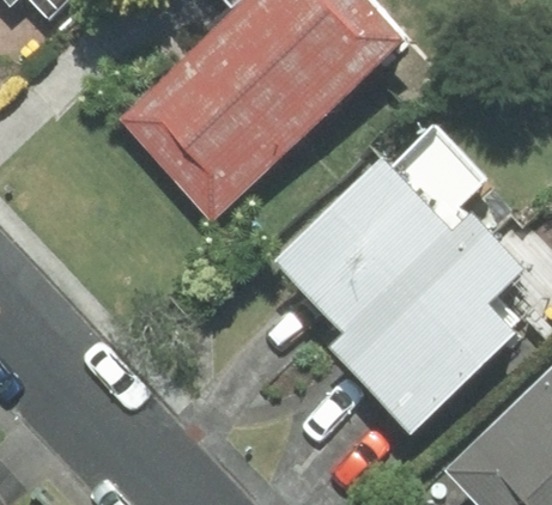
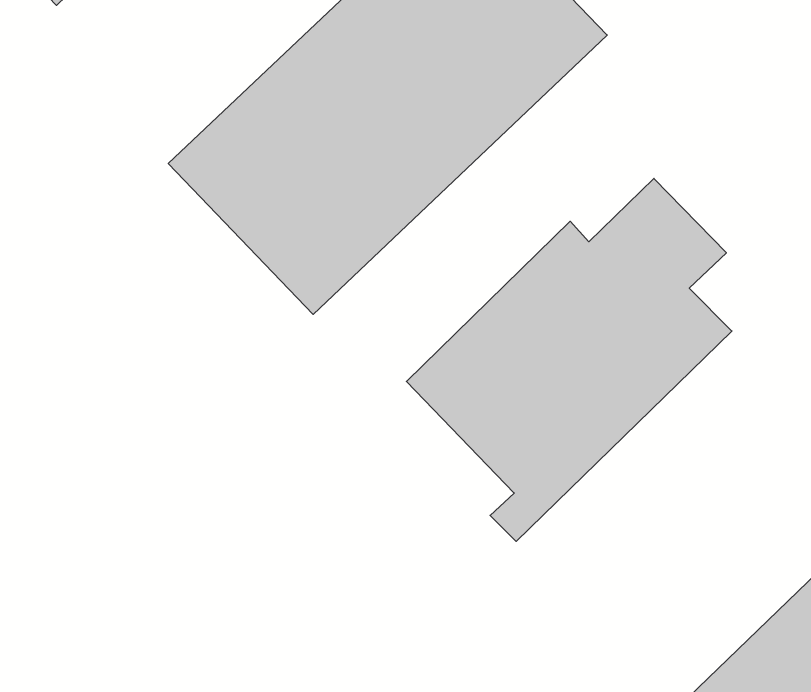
building: [345,229,524,433] -> none

